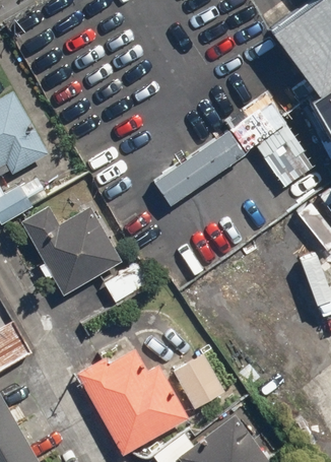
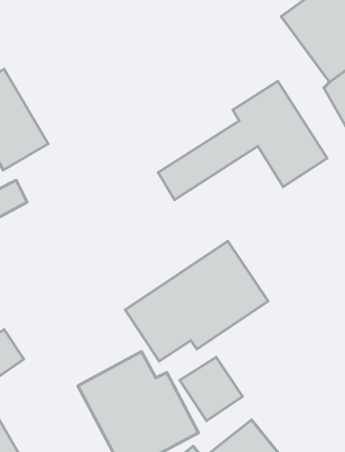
building: [19,202,128,295] -> none
building: none -> [125,241,268,361]

